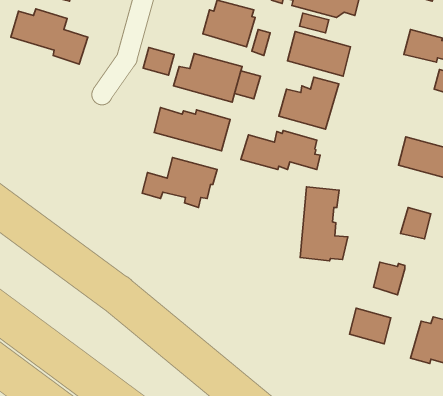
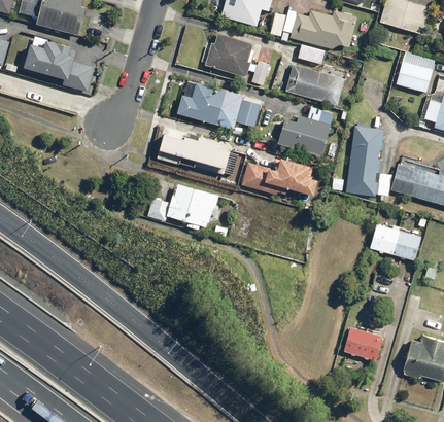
building: [143,48,174,75] -> none
building: [300,187,348,261] -> [347,126,392,196]
building: [373,262,405,295] -> [370,223,400,254]

